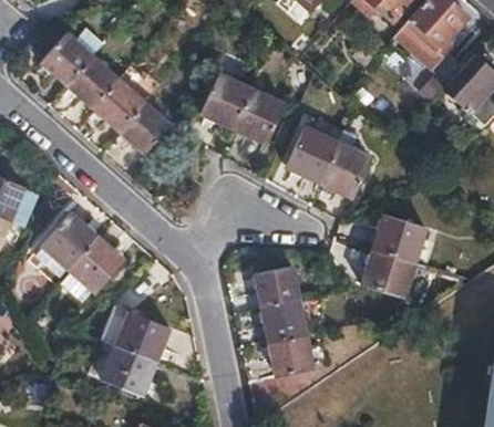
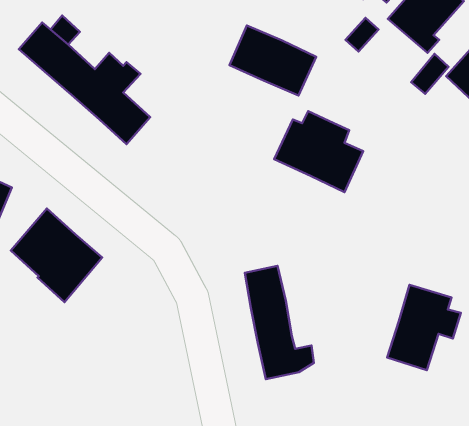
building: [202,76,284,143] -> [229,25,316,96]
building: [363,215,433,295] -> [387,285,461,370]
building: [91,305,167,393] -> none

